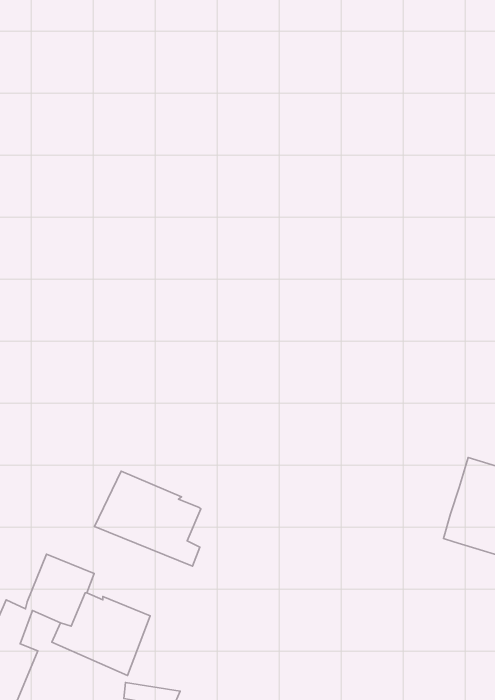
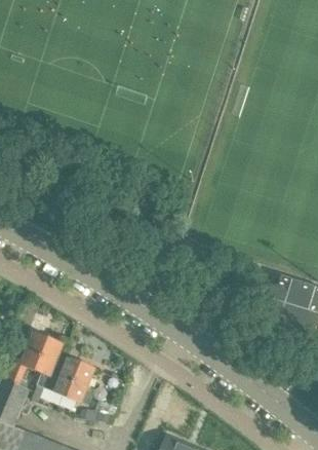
building: [94,471,201,566] -> none

